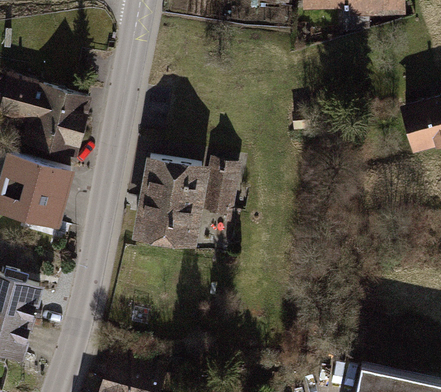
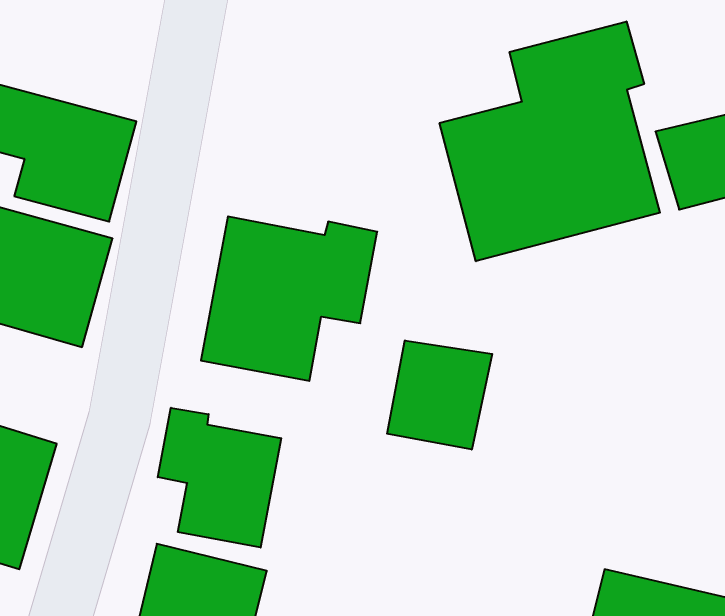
building: none -> [440,21,660,261]
building: none -> [387,340,492,450]
building: none -> [158,408,281,548]

